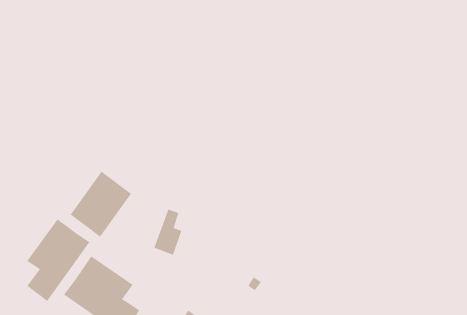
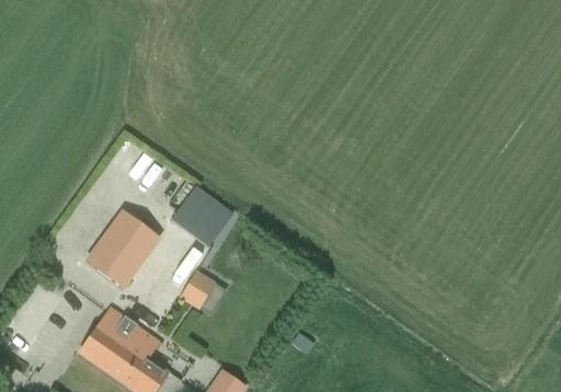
building: none -> [172,185,233,246]
building: [27,219,90,302] -> none

